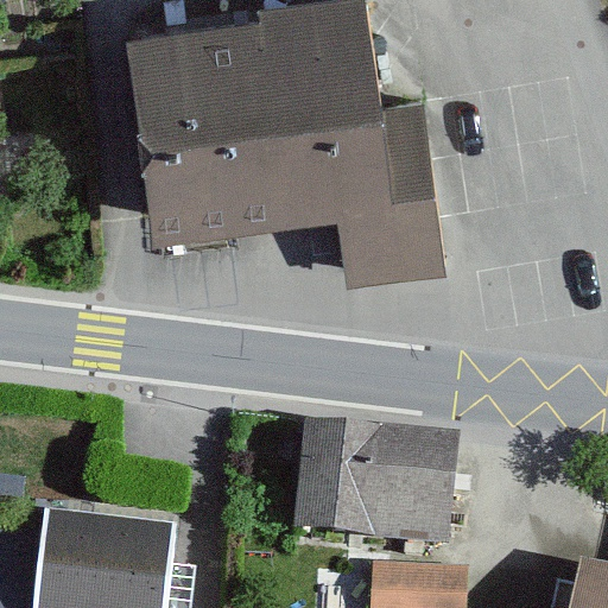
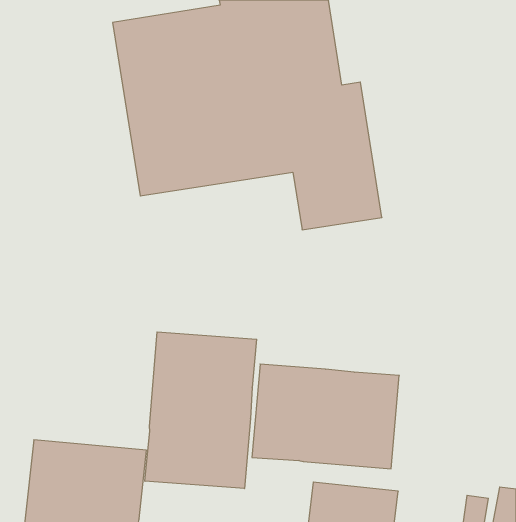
building: none -> [145,332,257,489]

